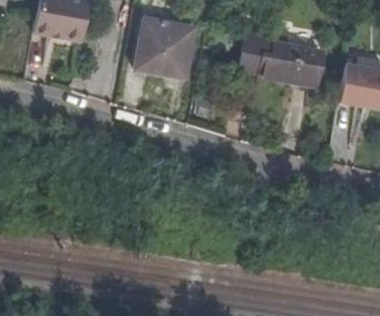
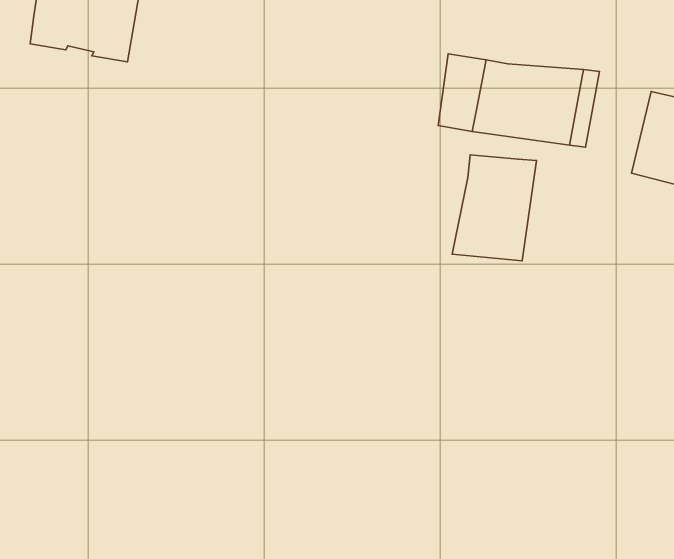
building: [134,17,193,75] -> none
building: none -> [452,155,537,261]

